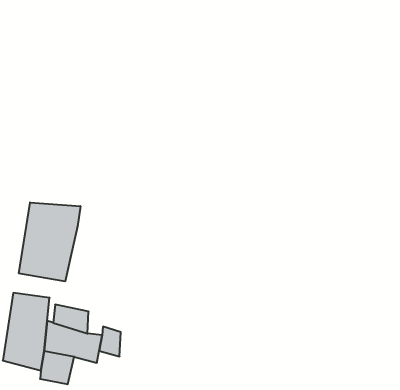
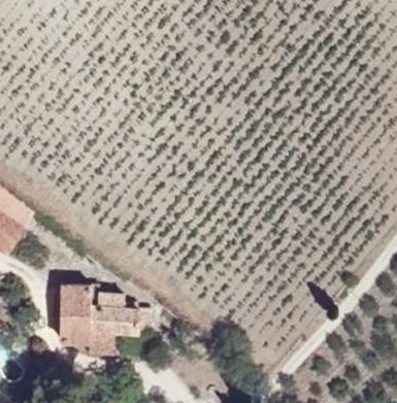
building: [19,202,80,281] -> none

